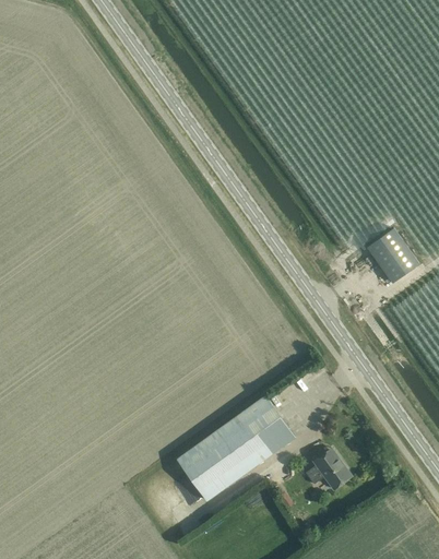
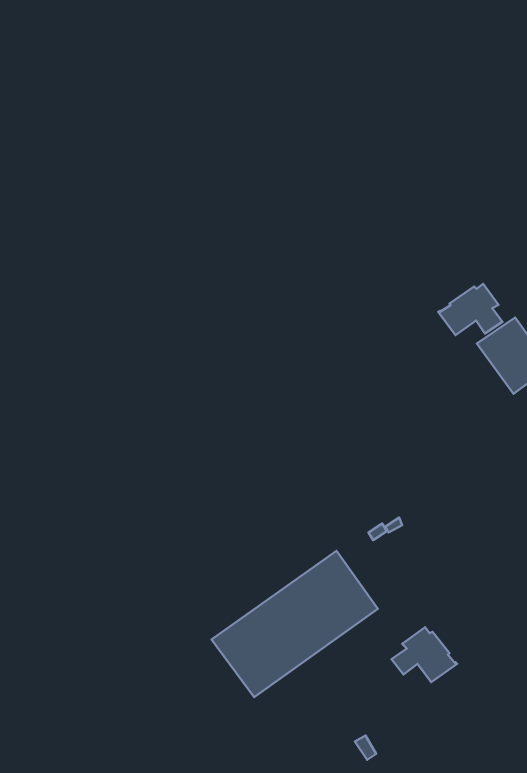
building: none -> [438,284,503,335]

